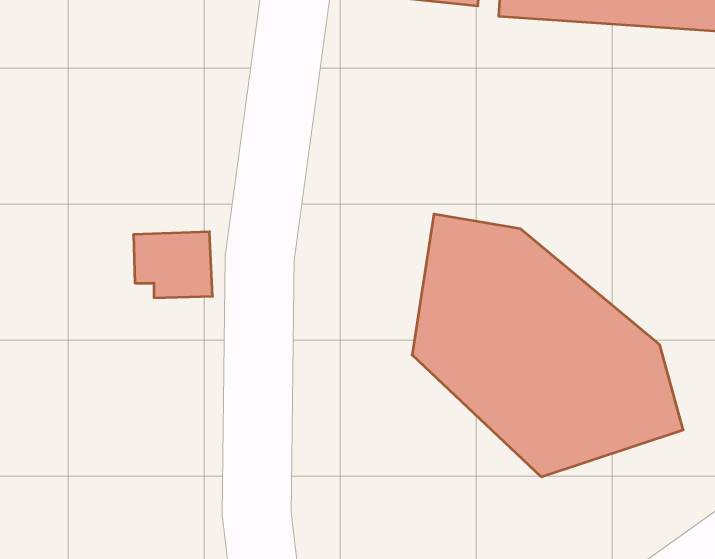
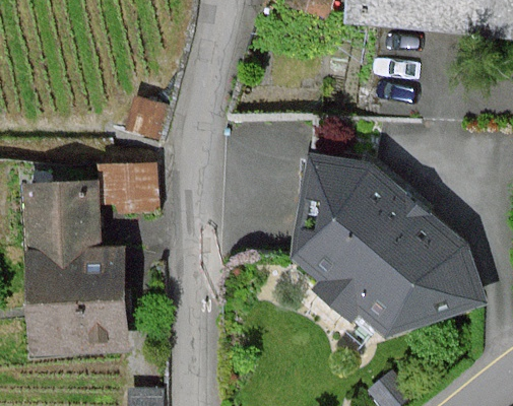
building: none -> [25,190,123,353]

